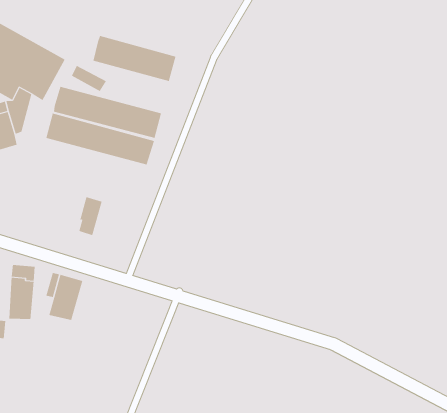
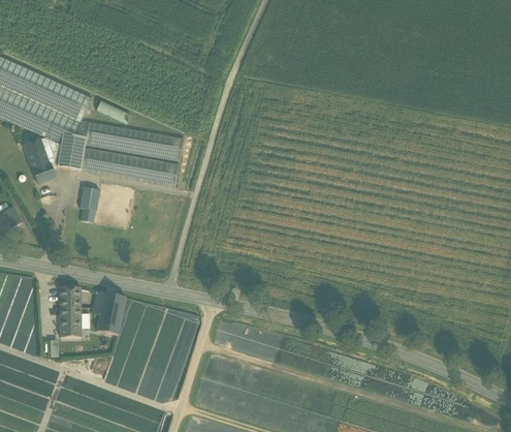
building: [93,35,176,82] -> none
building: none -> [57,129,84,168]
building: [78,197,102,236] -> [78,185,98,220]

